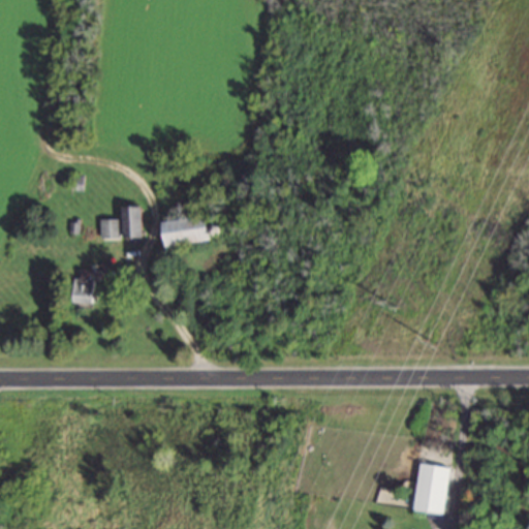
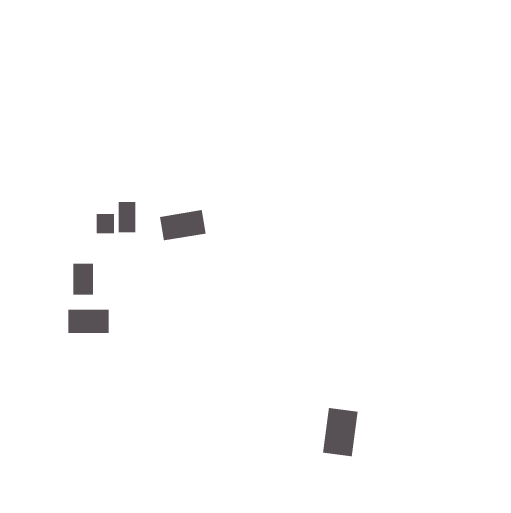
building: none -> [68,309,109,334]
building: [412,463,449,514] -> [322,407,358,457]

